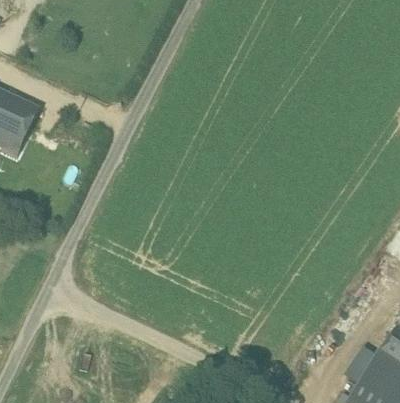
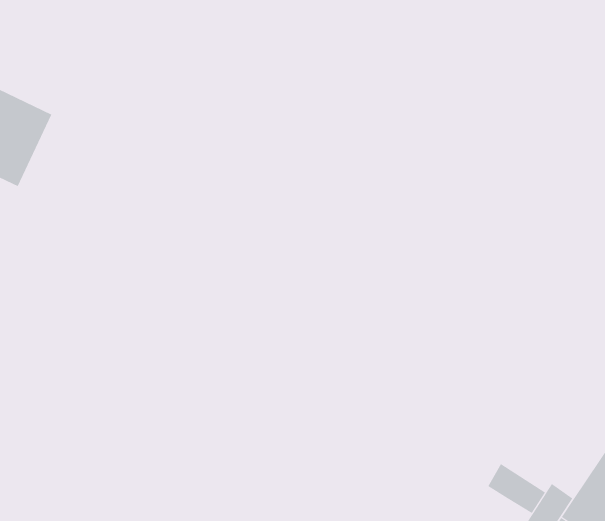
building: none -> [488,463,546,514]

